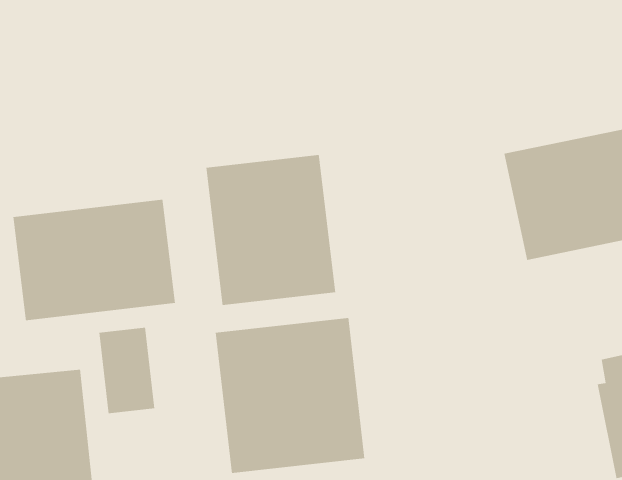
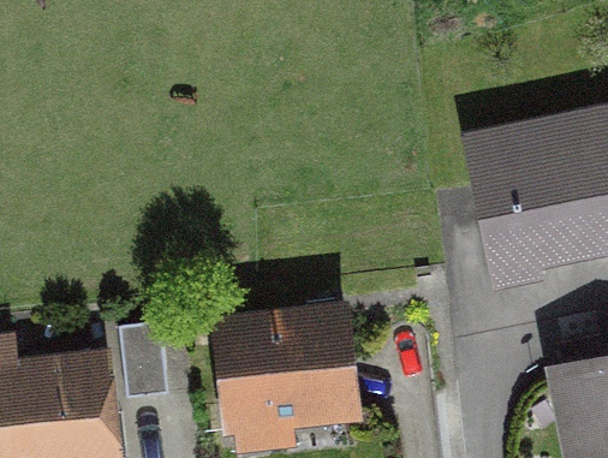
building: [206,154,336,306] -> none
building: [13,199,176,321] -> none

